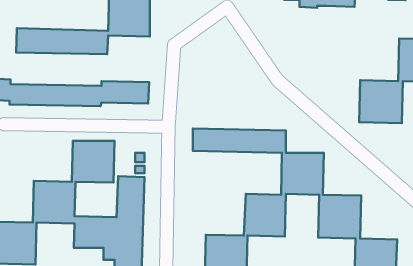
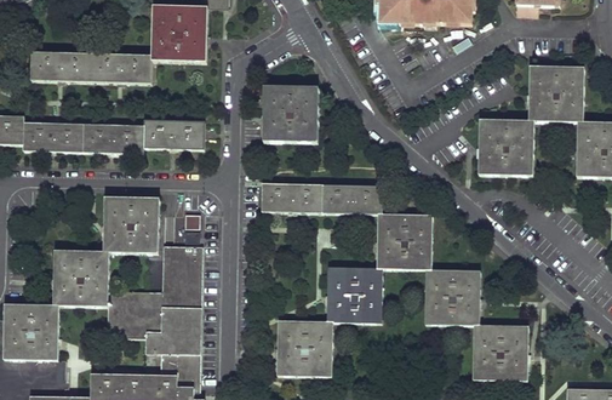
building: none -> [262,86,316,143]

